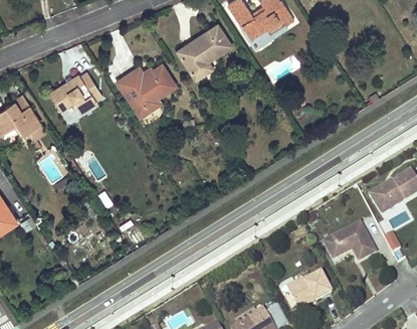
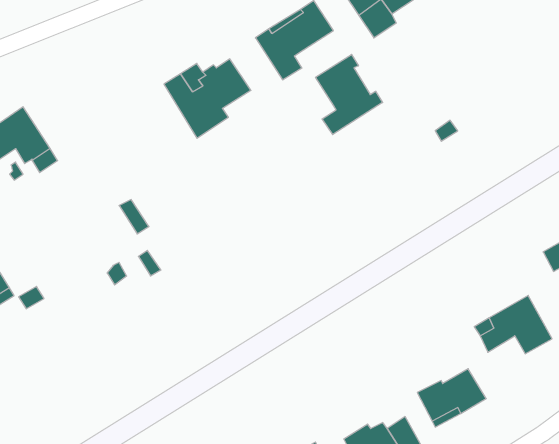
building: none -> [316,54,383,135]
building: [48,67,100,110] -> none

